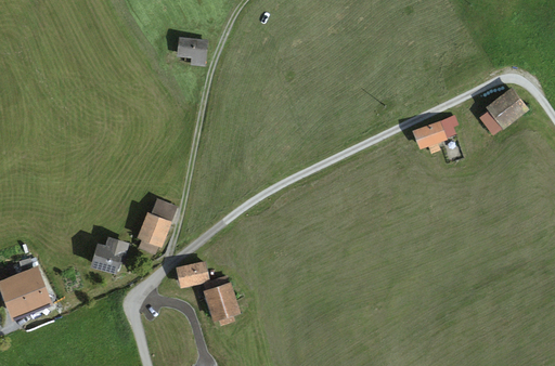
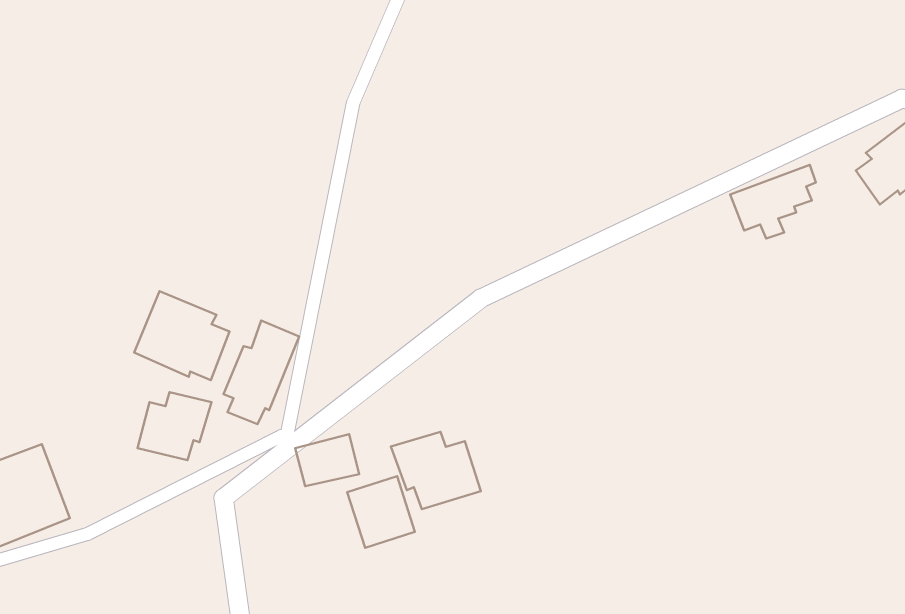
building: [176,38,208,67] -> none
building: none -> [134,291,230,380]
building: none -> [391,432,481,509]

